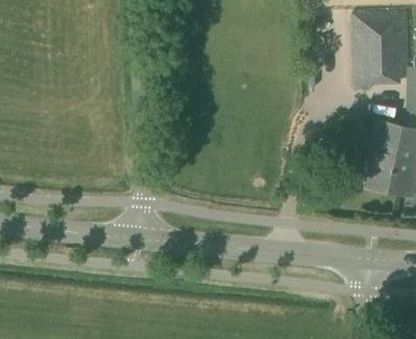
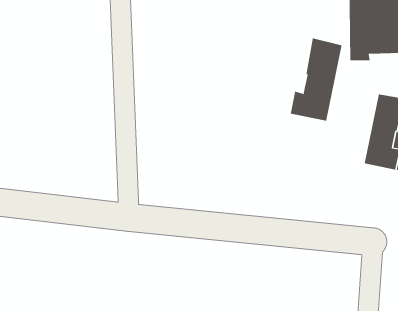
building: none -> [290,38,342,121]

